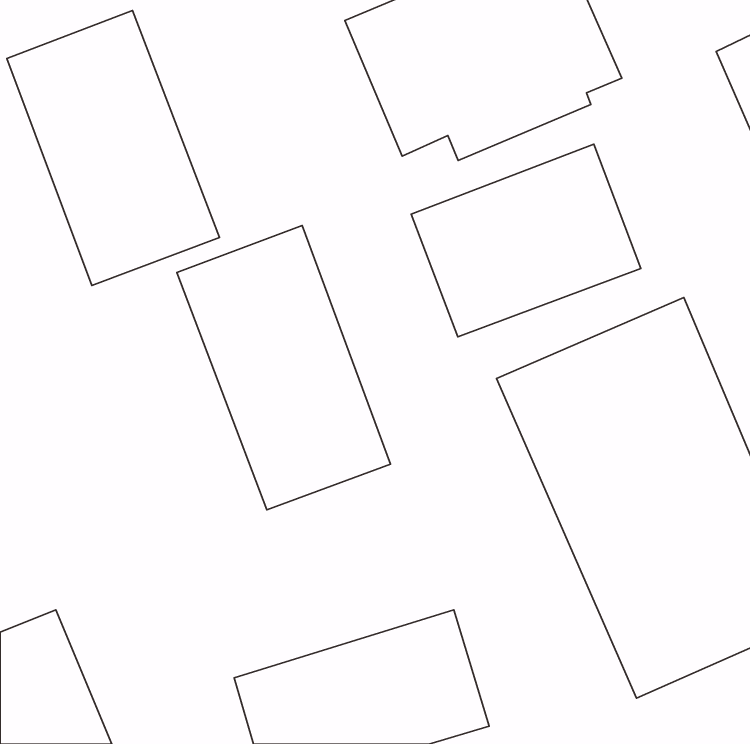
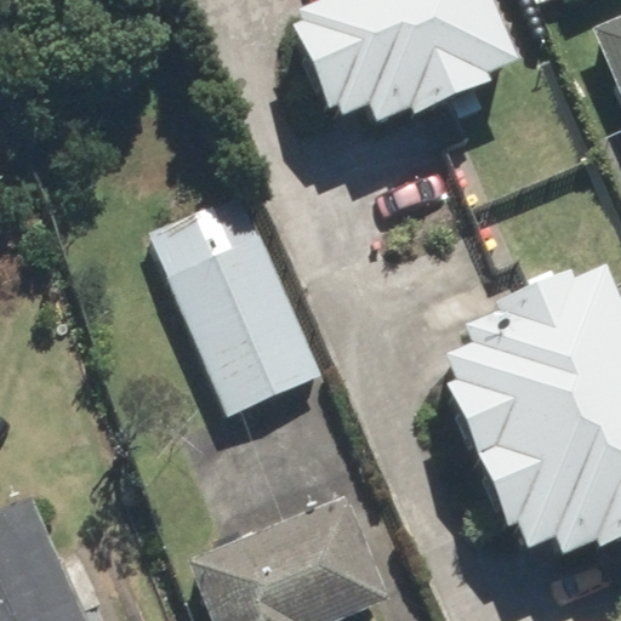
building: [7,11,219,286] -> none
building: [411,144,641,337] -> none

